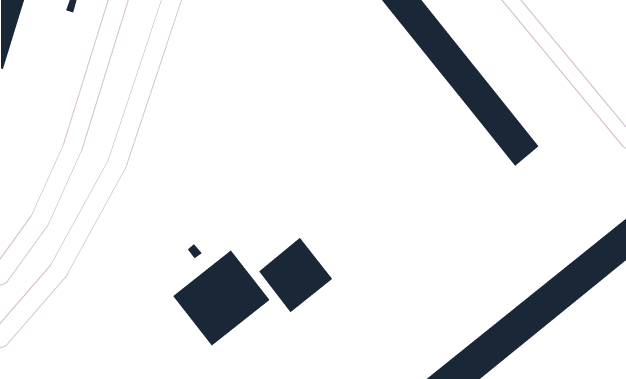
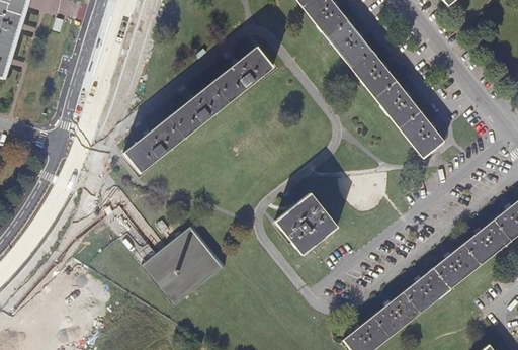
building: none -> [123,46,273,173]
building: [258,237,333,313] -> [275,191,337,254]

